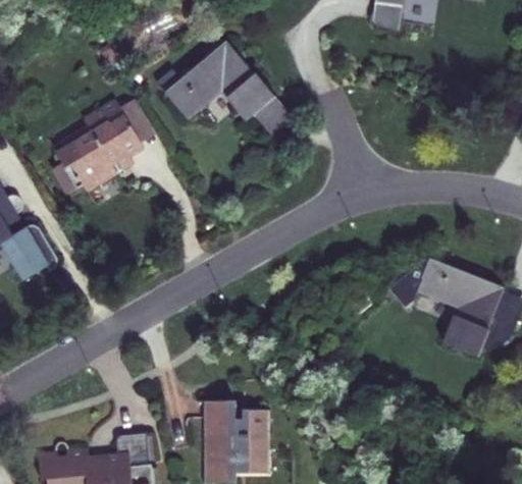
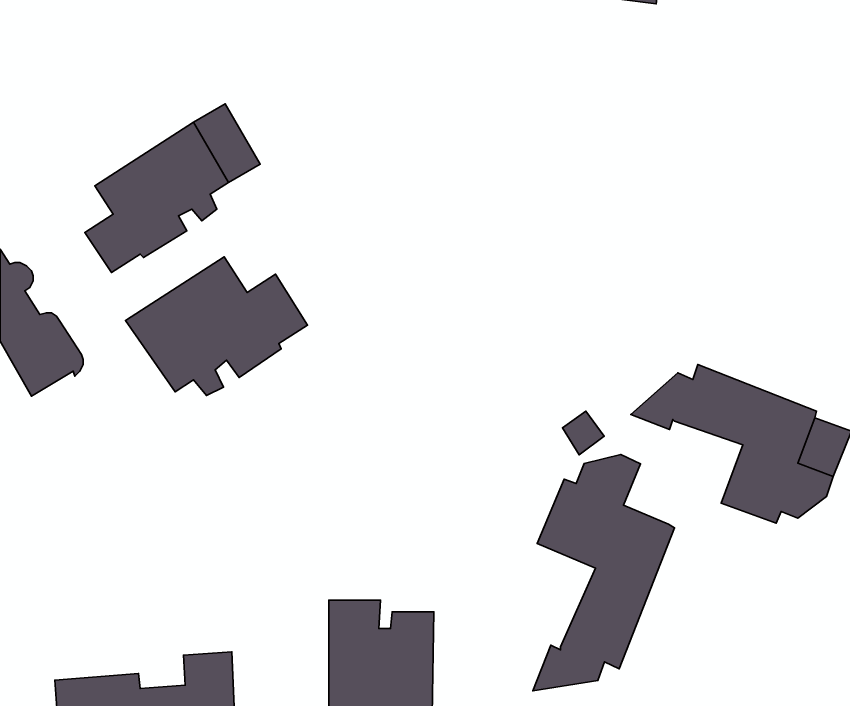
building: [165,42,291,133] -> none
building: none -> [126,257,307,396]
building: none -> [533,455,675,691]

